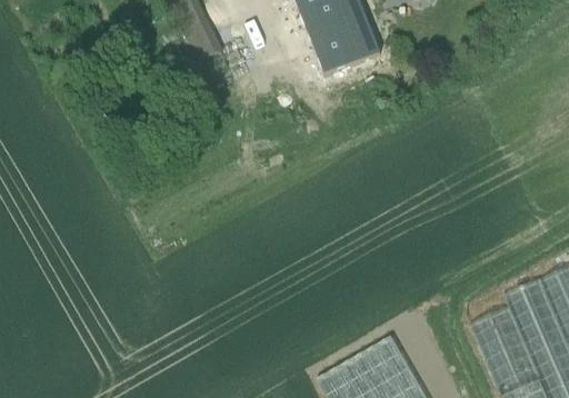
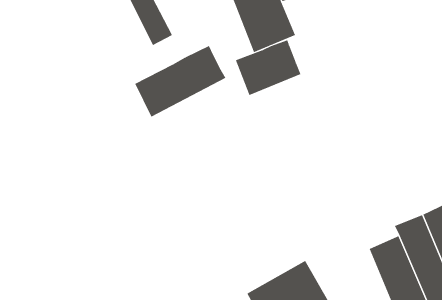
building: none -> [235,40,301,96]
building: none -> [134,45,226,118]

